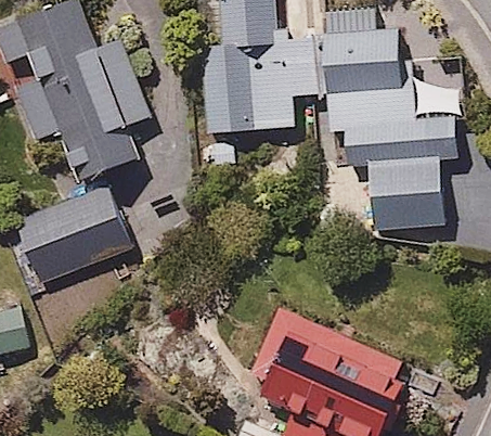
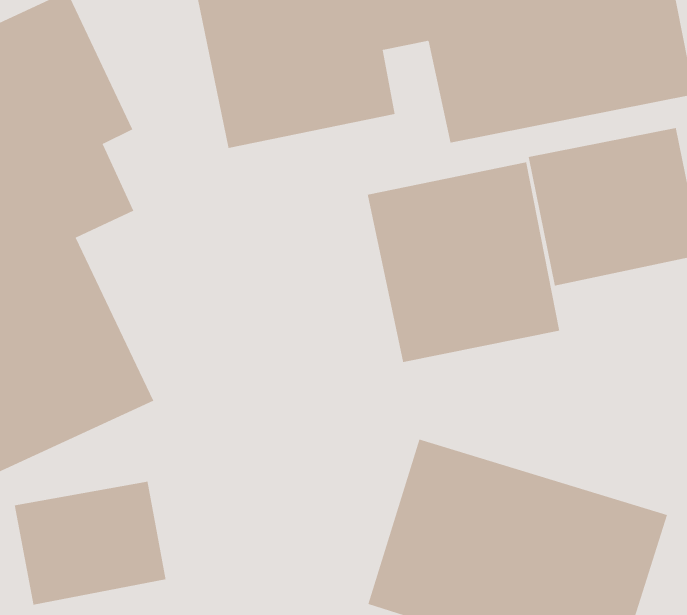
building: none -> [367,162,560,363]
building: none -> [14,481,166,606]

